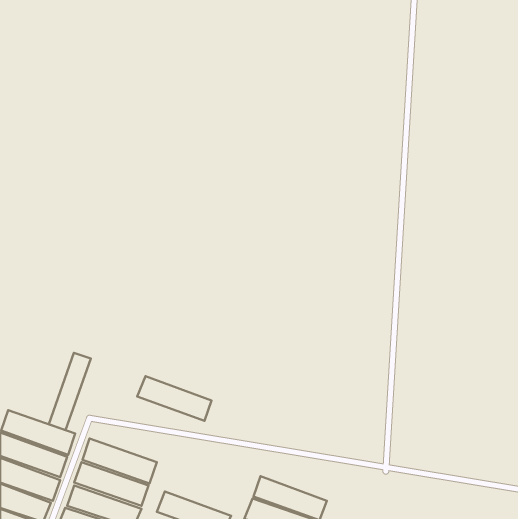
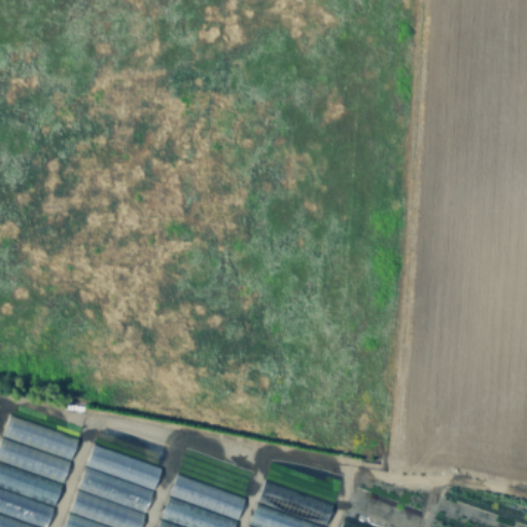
building: [49,353,91,430] -> none
building: [137,376,212,421] -> [169,476,244,521]

